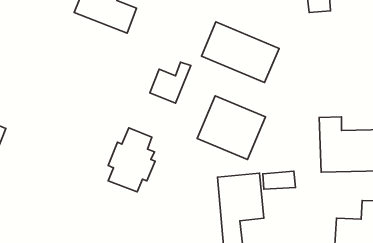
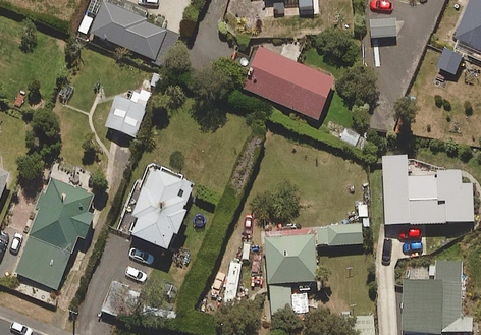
building: [150,62,191,103] -> [104,86,153,134]
building: [197,96,265,160] -> none
building: none -> [14,175,93,285]

